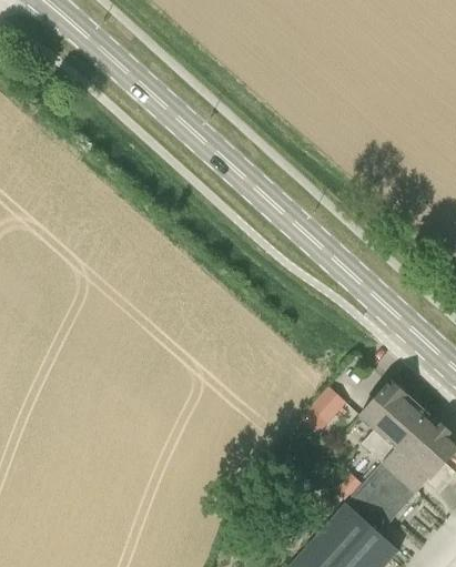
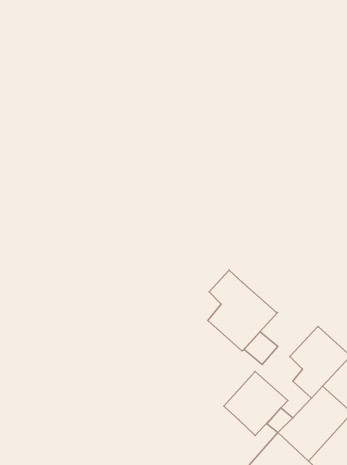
building: none -> [208,270,278,351]
building: none -> [224,371,288,436]

